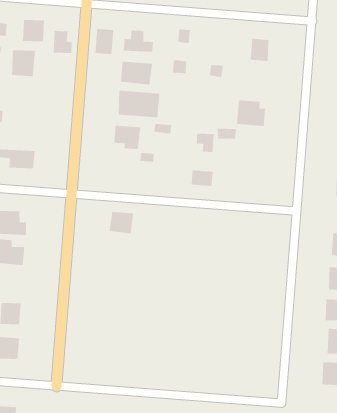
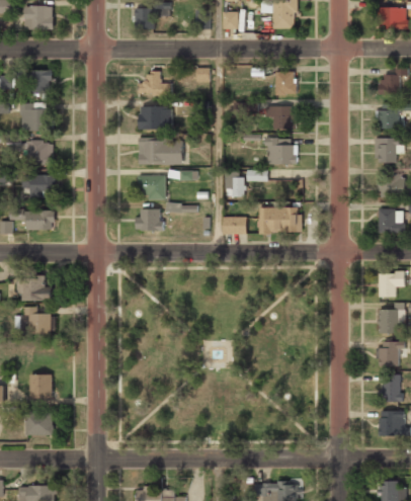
building: [95,28,114,55] -> none
building: [53,30,72,54] -> none
building: none -> [265,105,295,129]
building: none -> [26,141,53,165]
building: none -> [22,174,53,197]
building: none -> [258,206,301,233]
building: [109,211,134,234] -> [137,208,162,231]

